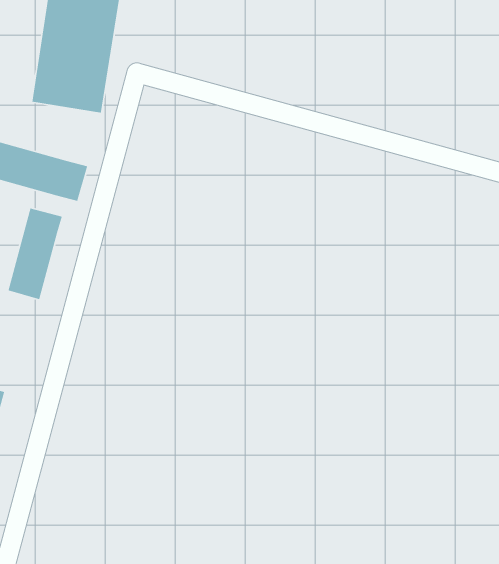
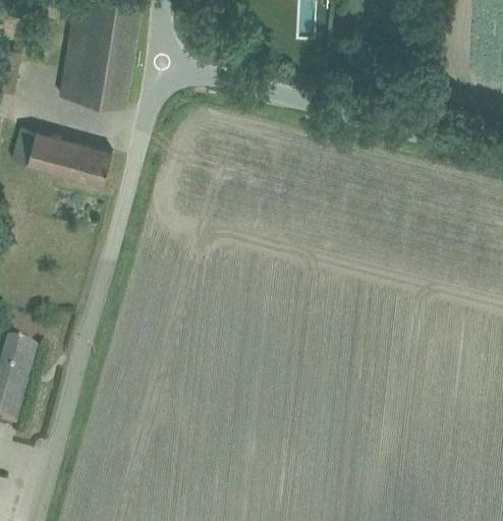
building: [8,207,63,300] -> none

